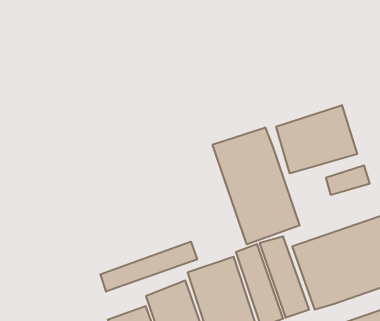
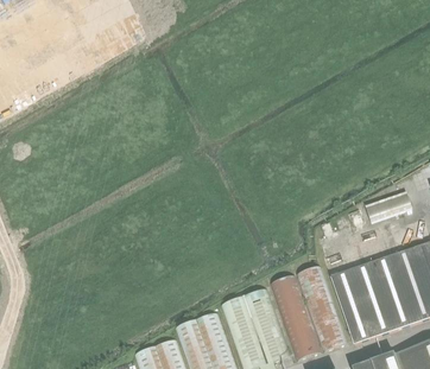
building: [276,105,357,173] -> none
building: [213,127,299,244] -> none
building: [100,242,197,292] -> none

